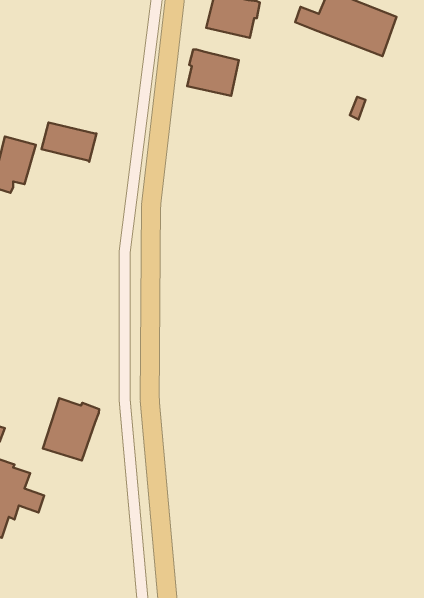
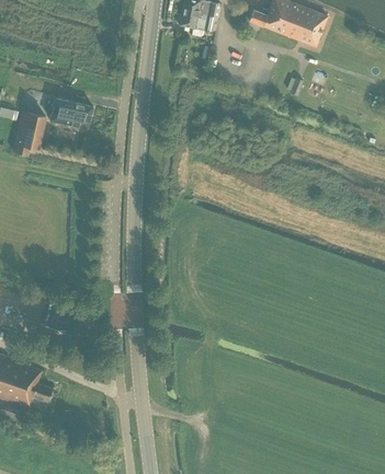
building: [187,49,239,96] -> none
building: [43,398,99,461] -> none

